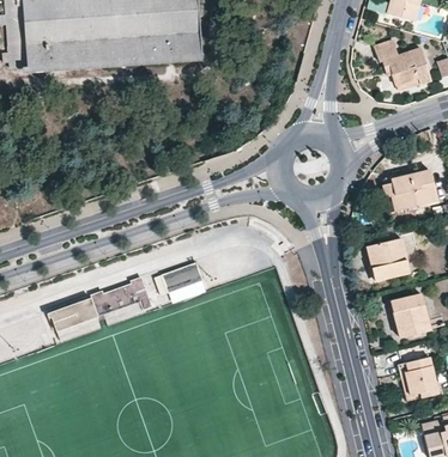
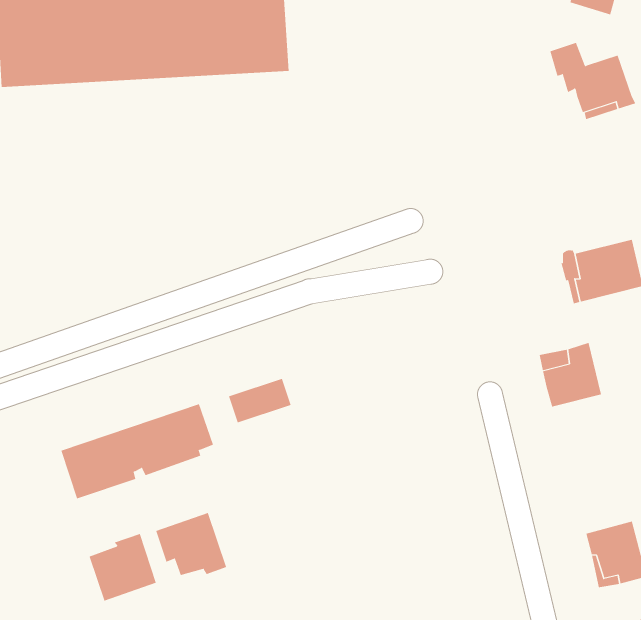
building: [391,294,429,337] -> none
building: none -> [156,512,227,576]
building: none -> [89,533,157,602]

